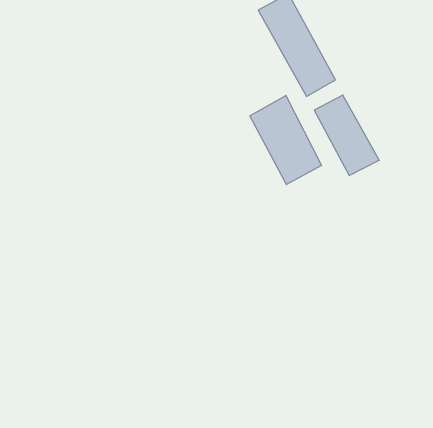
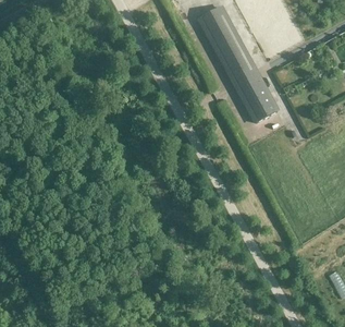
building: [250,95,322,185] -> none

